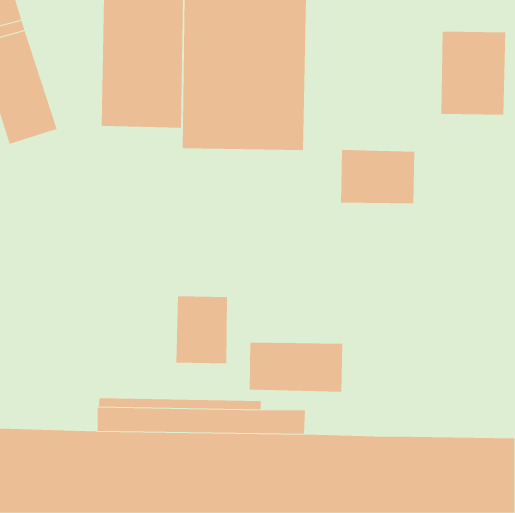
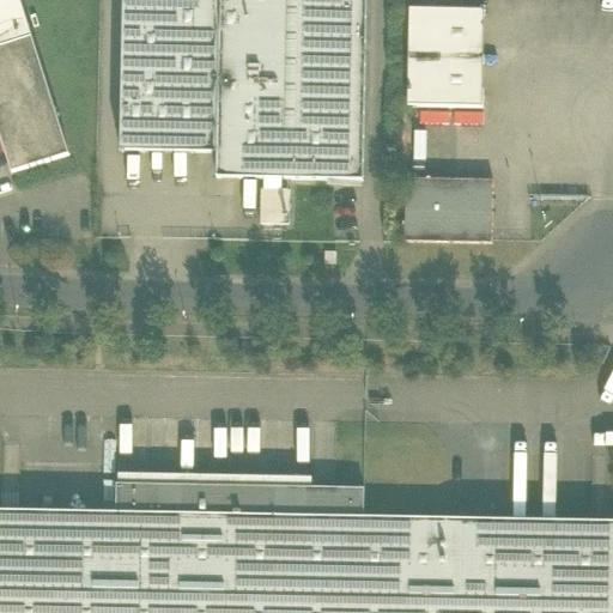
building: [441,31,506,115] -> [406,7,484,107]
building: [176,295,228,364] -> none
building: [249,342,343,392] -> none

